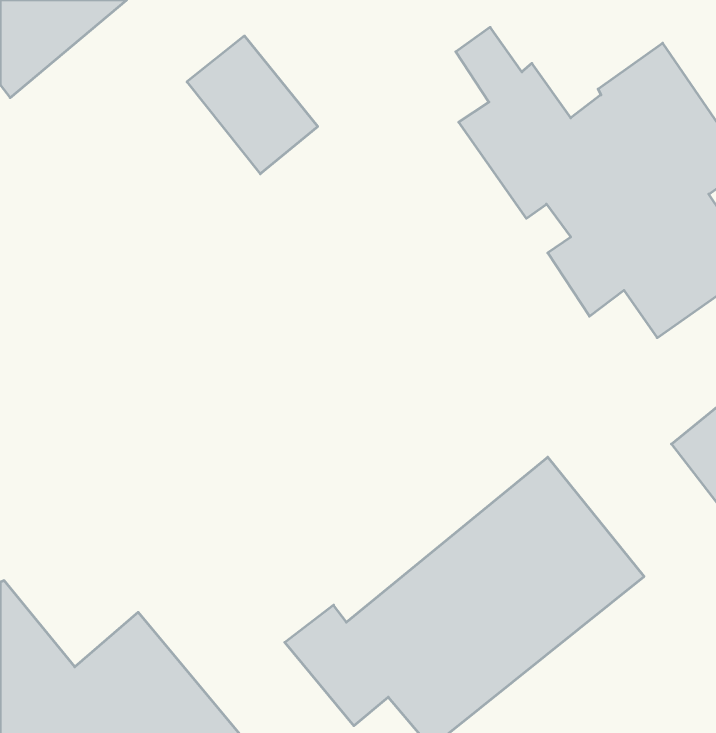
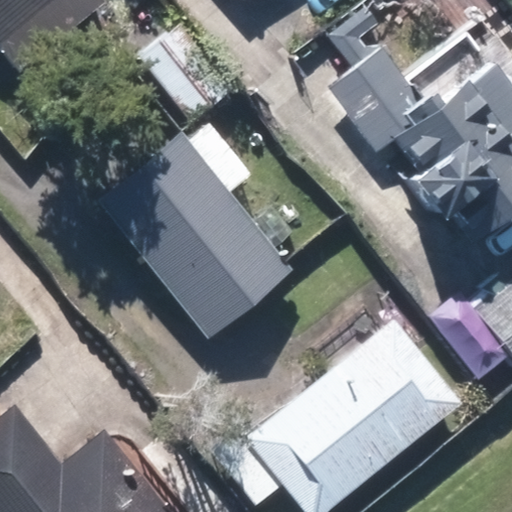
building: none -> [94,122,291,337]

